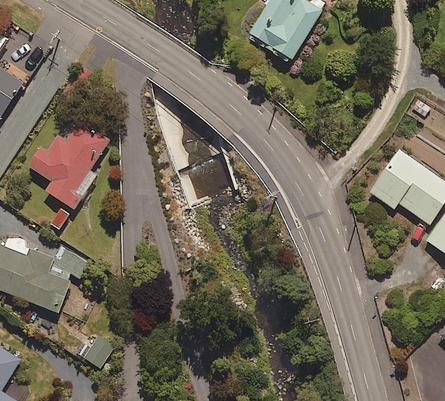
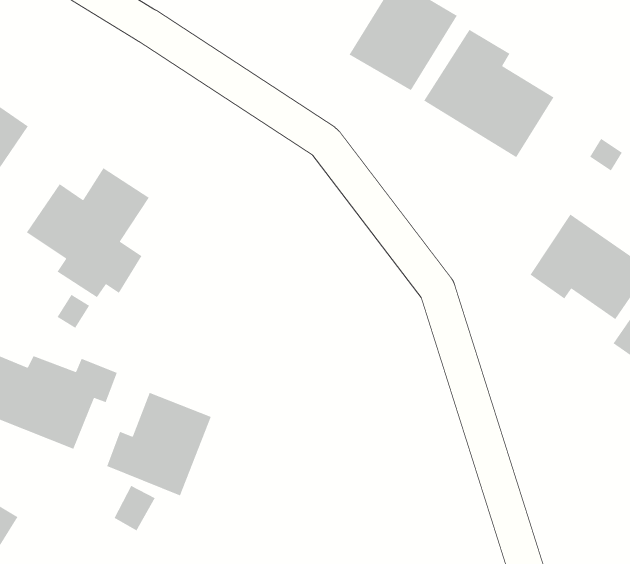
building: none -> [423,29,554,158]
building: none -> [106,392,212,497]

